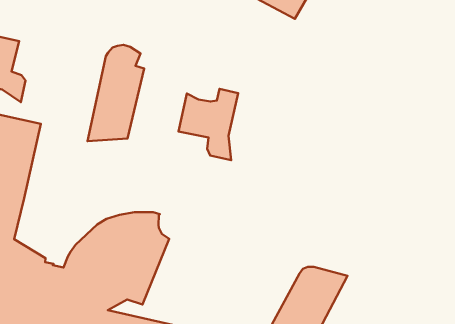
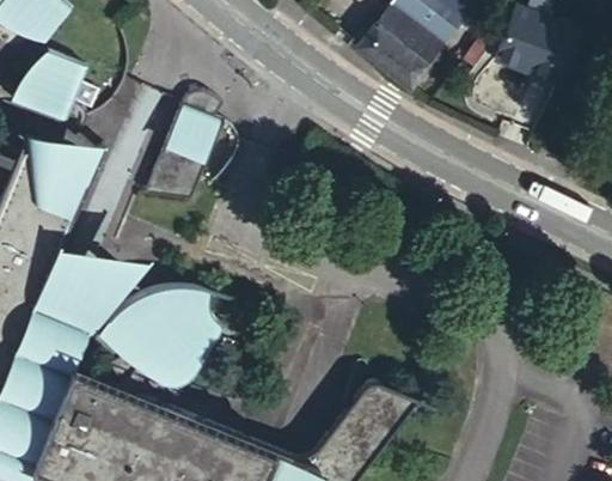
building: [179,89,238,160] -> none
building: none -> [39,249,149,336]

